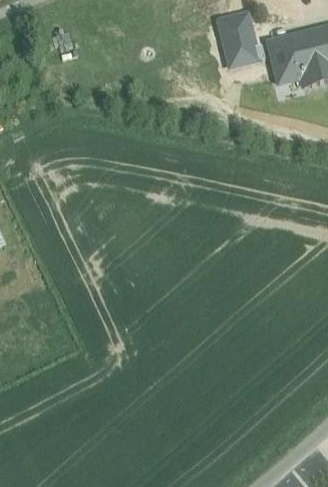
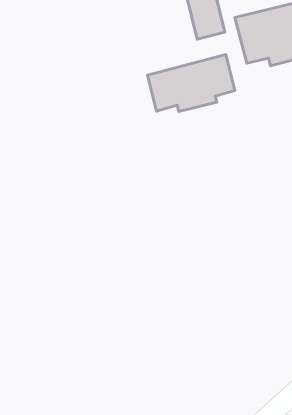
building: none -> [147,54,235,112]

